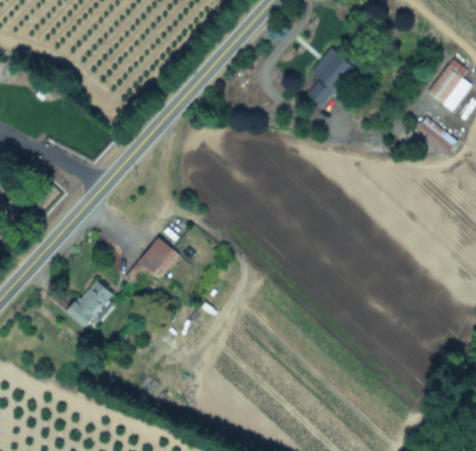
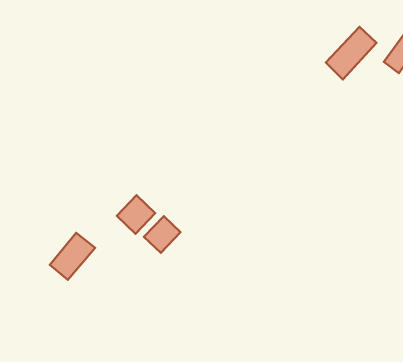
building: [302,52,357,109] -> [326,27,377,80]
building: none -> [144,216,181,253]

